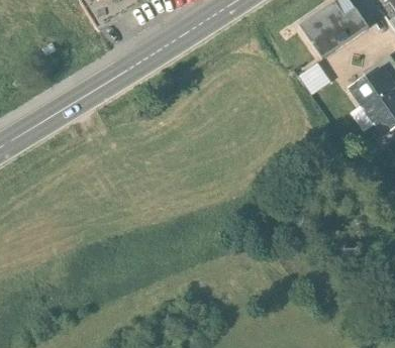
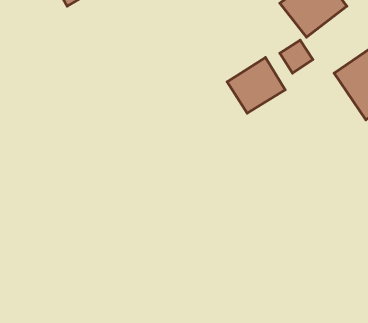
building: none -> [227,57,285,113]

